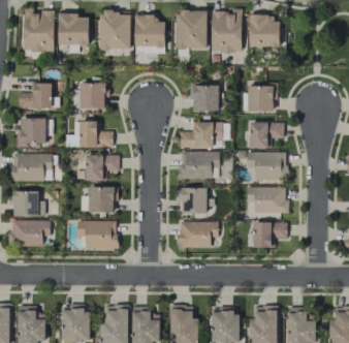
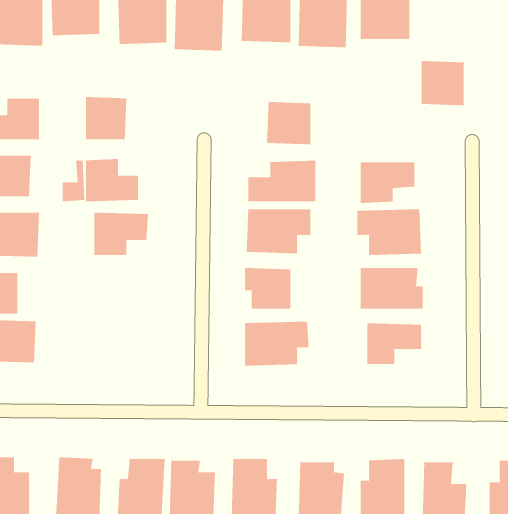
building: [248,84,275,112] -> [421,60,464,106]
building: [81,186,114,212] -> none
building: [77,220,117,248] -> none

